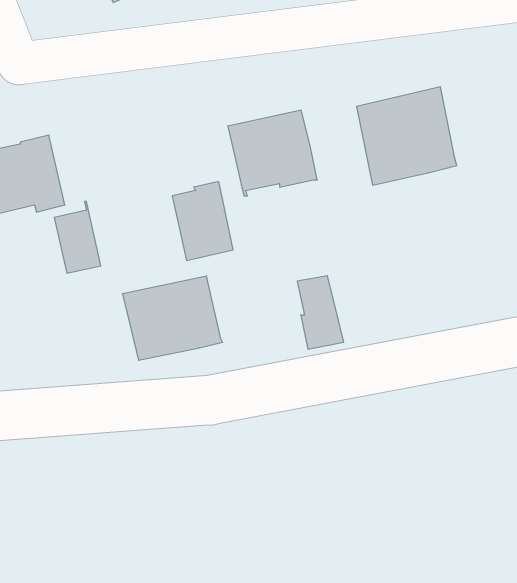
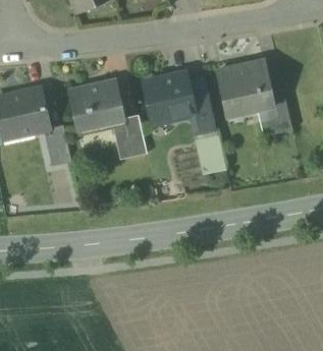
building: none -> [258,98,292,136]
building: [297,276,344,349] -> [191,91,217,132]
building: [122,276,223,360] -> [68,81,125,129]

